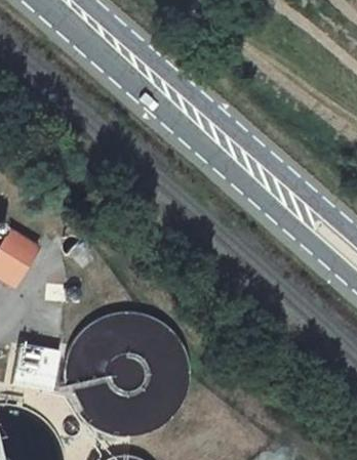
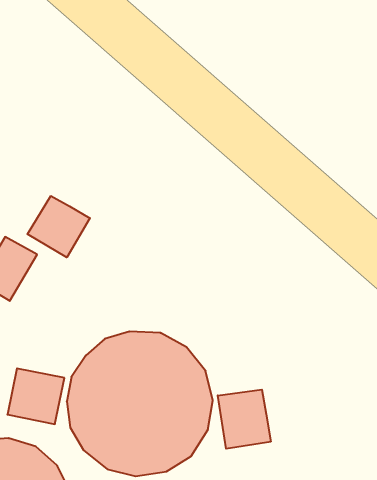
building: none -> [27,196,90,257]
building: none -> [218,390,271,449]

